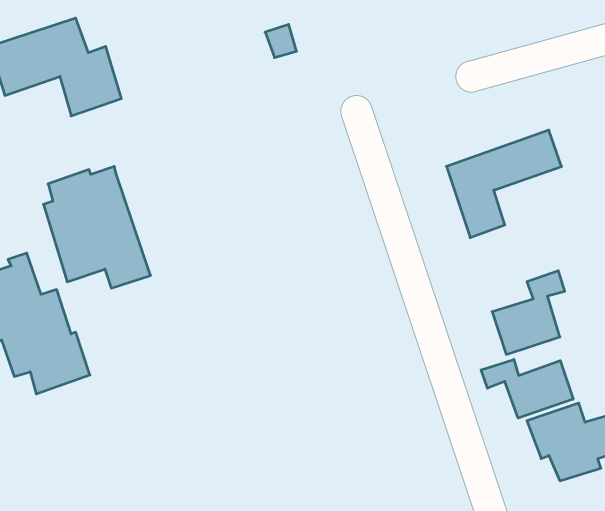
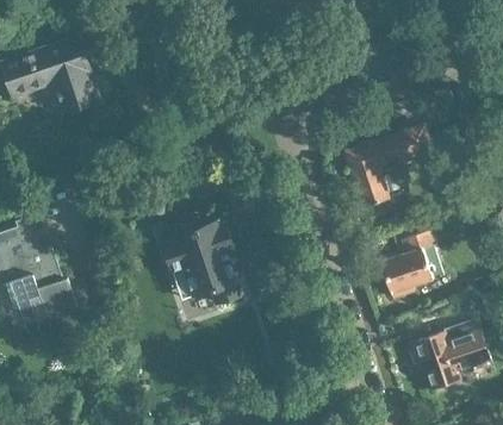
building: [43,166,151,288] -> [162,214,243,306]
building: [481,359,573,418] -> none

